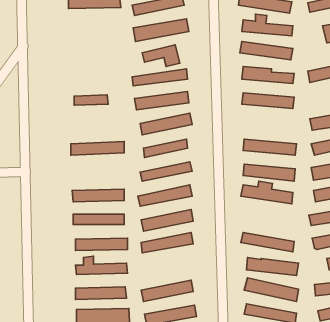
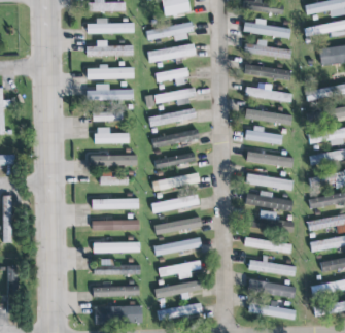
building: none -> [87,39,134,56]
building: none -> [88,63,135,78]
building: none -> [87,82,134,100]
building: none -> [245,125,283,143]
building: none -> [96,126,130,143]
building: none -> [158,261,202,278]

